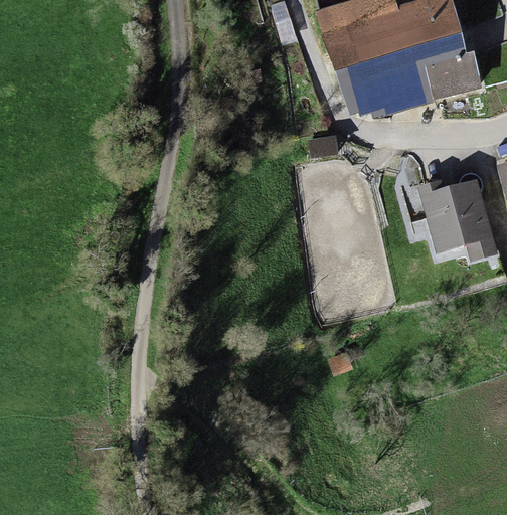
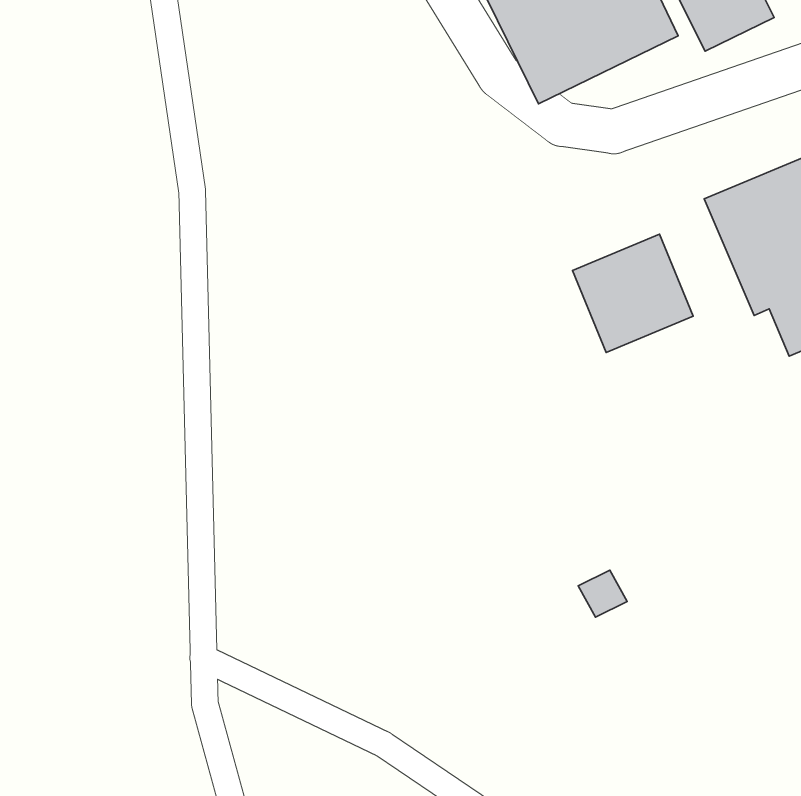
building: none -> [572,234,693,353]

